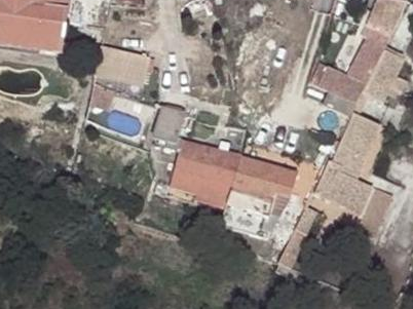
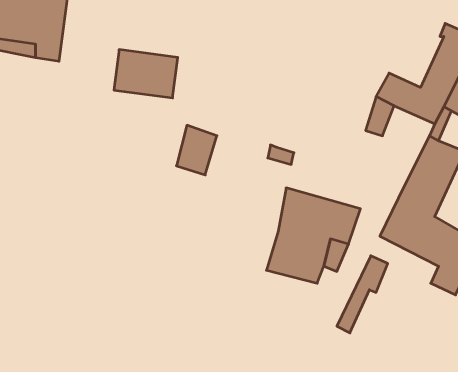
building: [170,138,239,201] -> none

